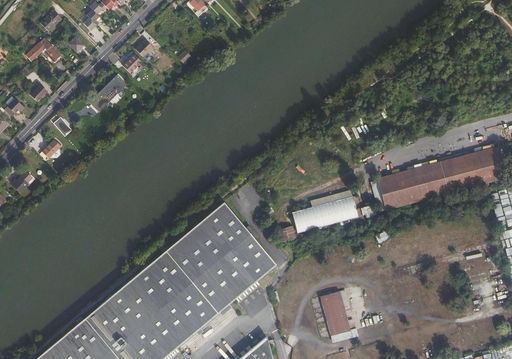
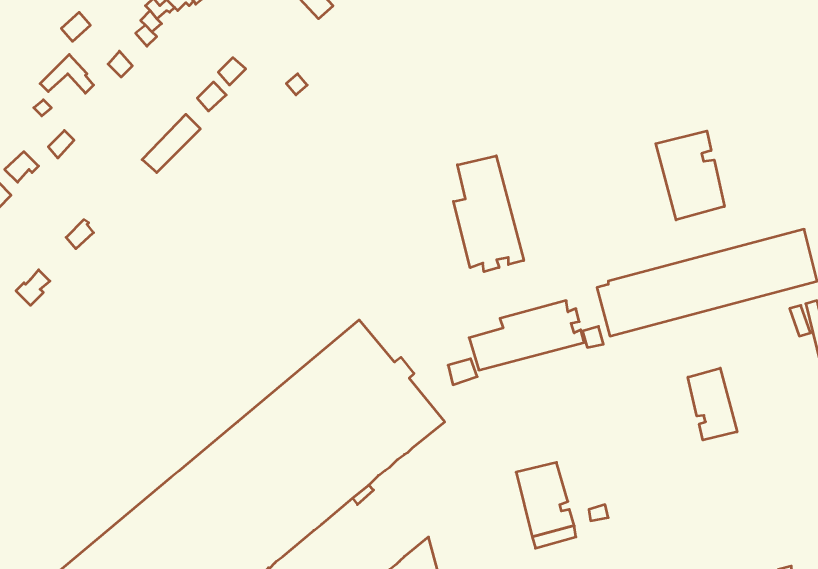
building: none -> [656,131,724,220]
building: none -> [453,156,524,272]
building: none -> [688,368,737,440]

